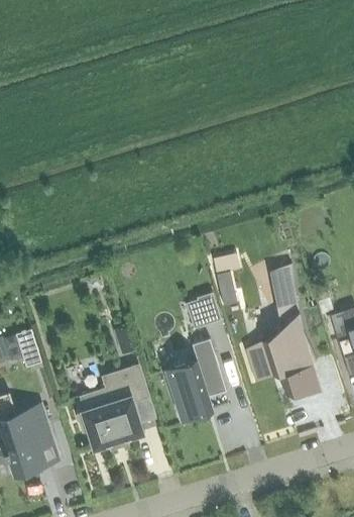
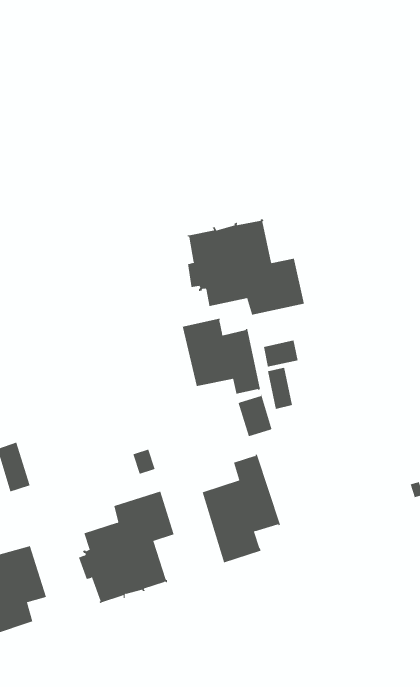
building: none -> [187,219,304,316]
building: none -> [182,318,260,395]
building: [245,265,321,396] -> none

